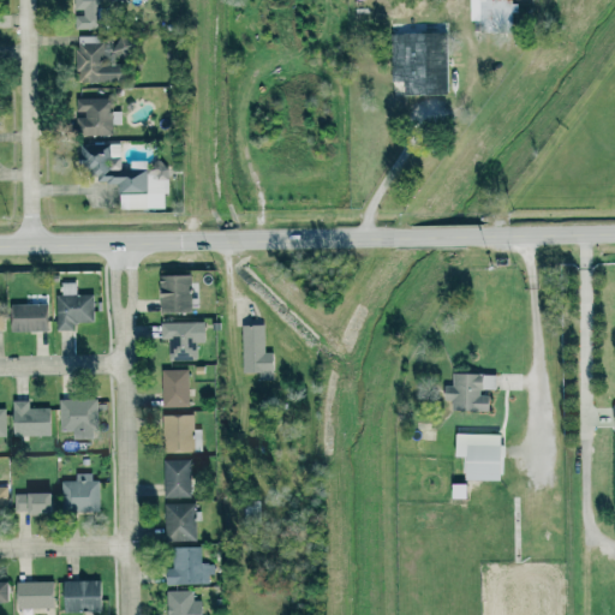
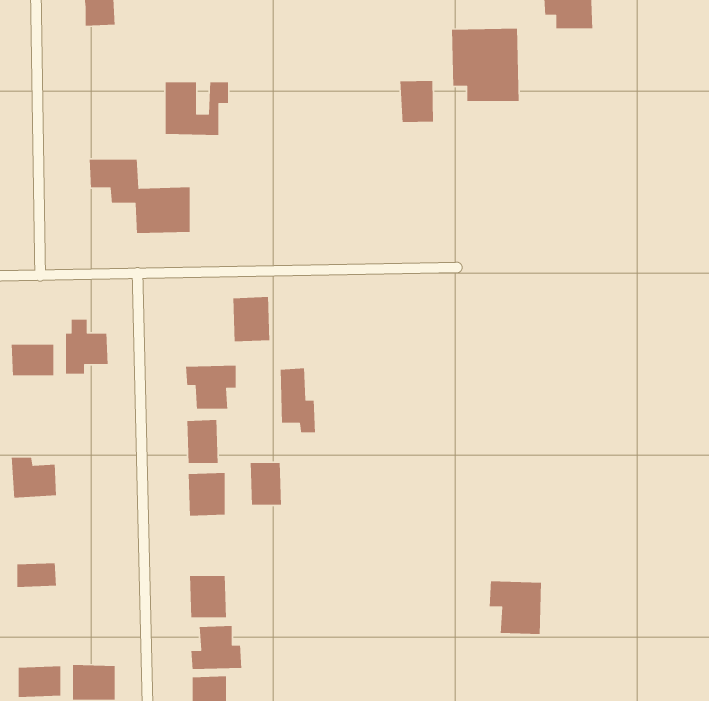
building: [77,36,132,83] -> [165,82,229,136]
building: none -> [400,80,434,123]
building: [76,97,113,136] -> none
building: [160,274,192,314] -> [233,296,270,342]
building: [443,374,495,411] -> none
building: [60,399,97,440] -> none
building: [454,434,500,480] -> [489,581,542,635]
building: [163,460,191,497] -> [250,462,282,505]
building: [61,472,98,513] -> none

